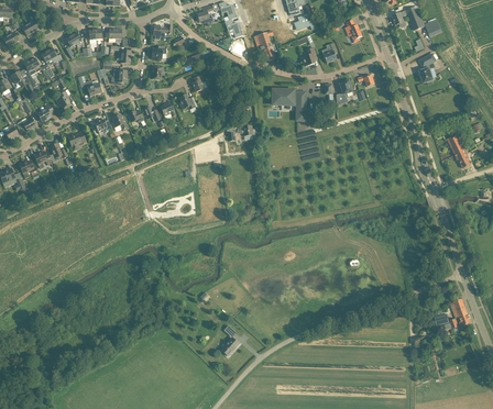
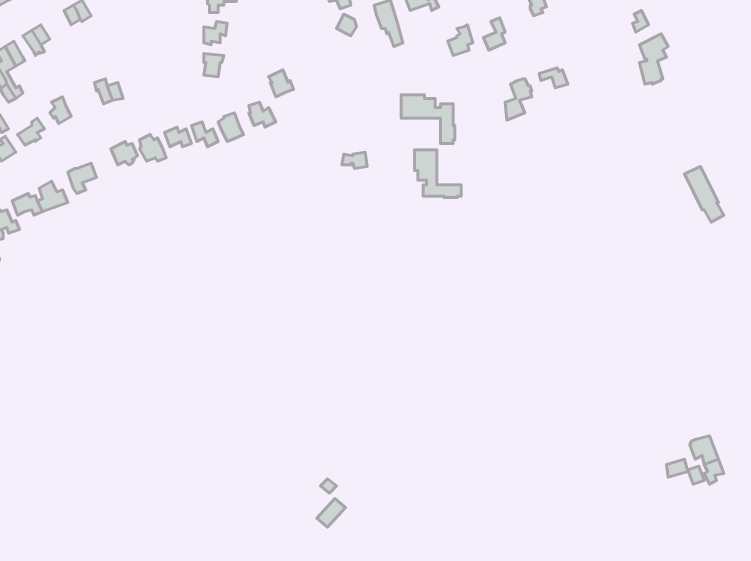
building: none -> [414,150,461,198]

